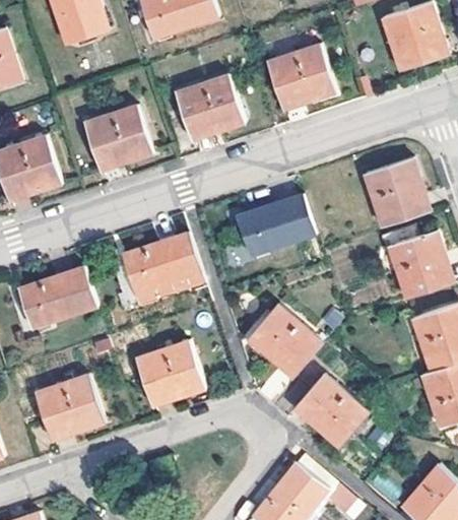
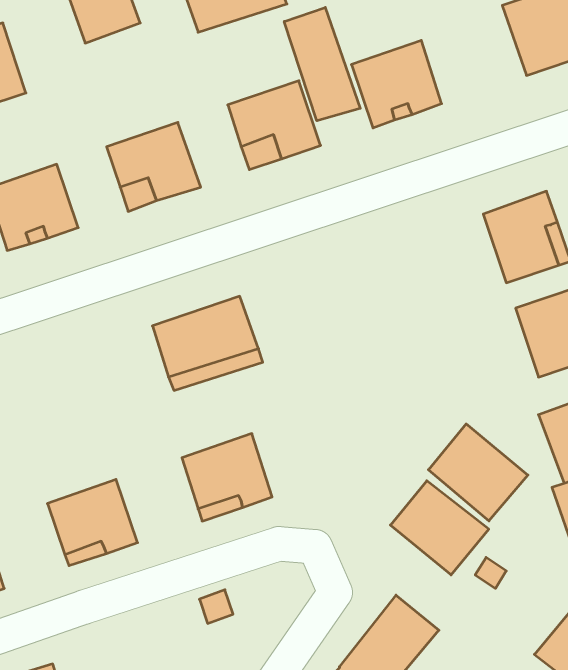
building: none -> [284,7,360,121]
building: [239,193,317,255] -> none
building: [20,266,101,328] -> none
building: [249,304,324,377] -> [428,424,528,521]

